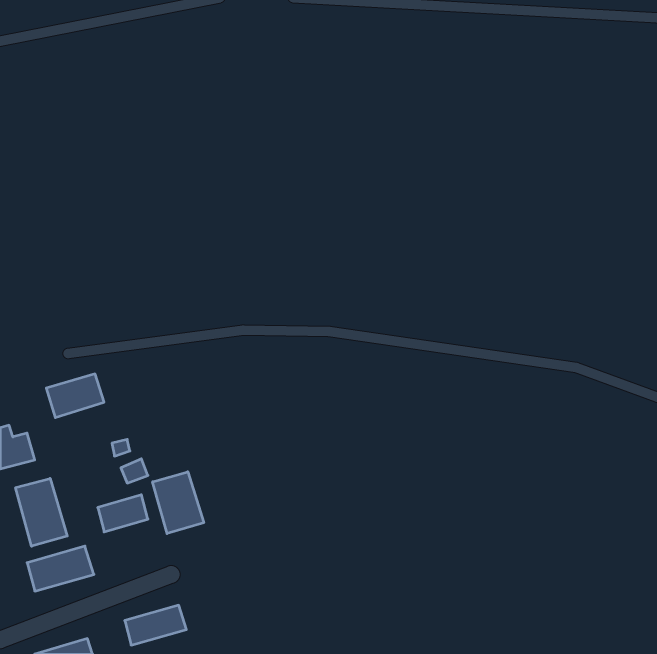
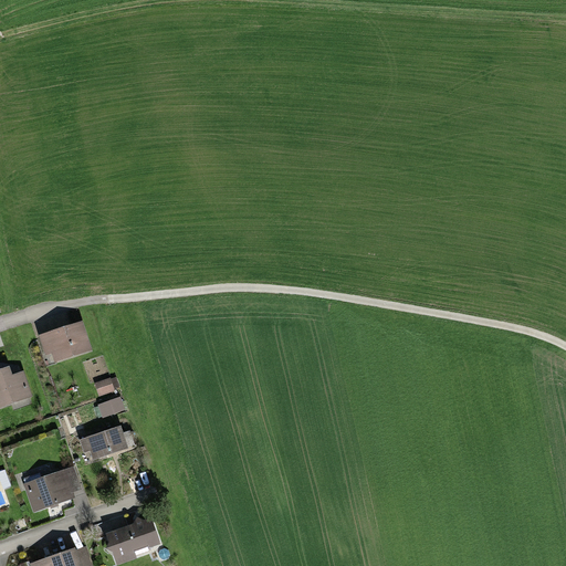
building: [153,472,204,534] -> none
building: [16,478,67,546] -> none

